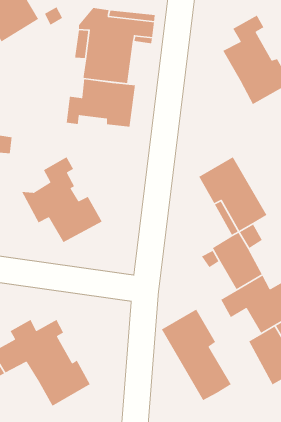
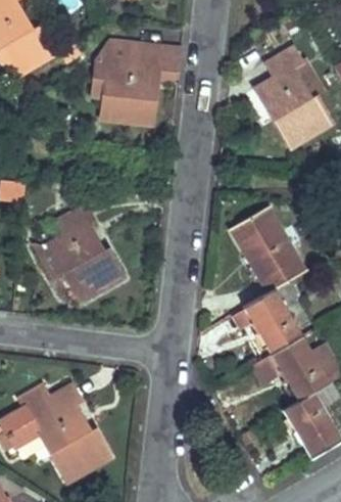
building: [66,79,136,128] -> none
building: [161,309,232,401] -> none

